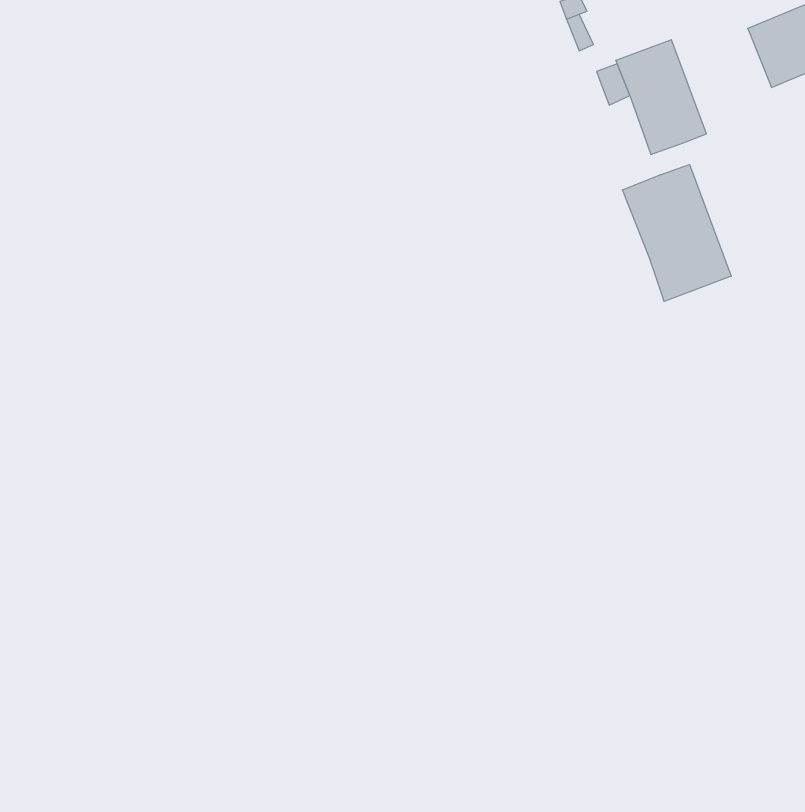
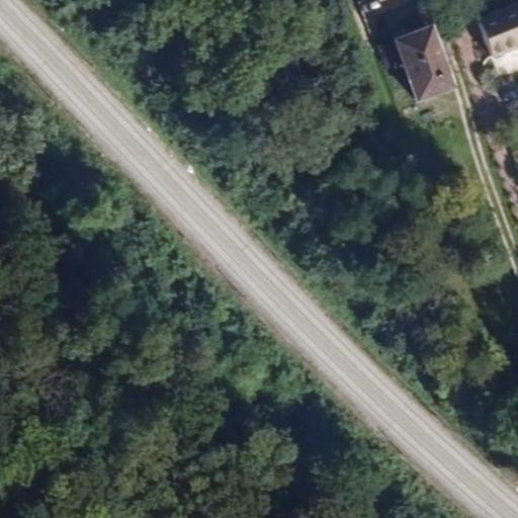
building: [622,165,731,301] -> none

